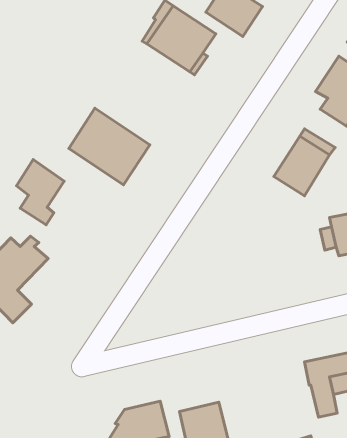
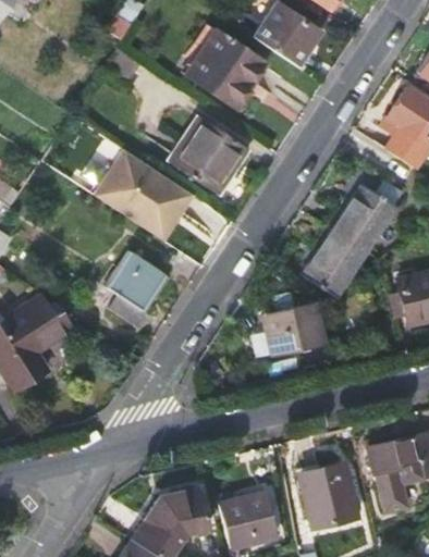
building: none -> [166,114,246,194]
building: [16,160,64,225] -> [102,251,158,327]
building: none -> [305,228,369,296]
building: none -> [265,304,330,355]
building: none -> [302,463,355,525]

